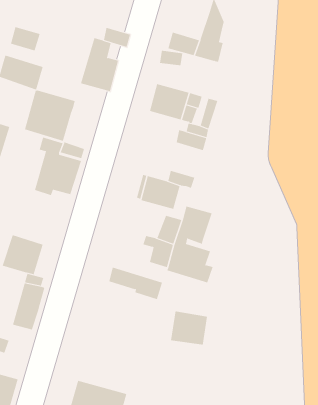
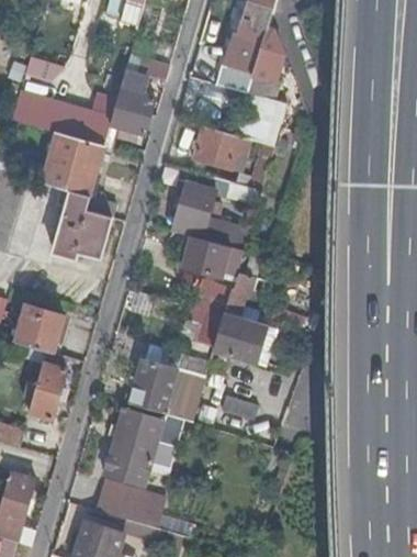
building: none -> [225,31,262,71]
building: none -> [57,104,111,145]
building: none -> [172,179,219,233]
building: none -> [127,359,201,420]
building: none -> [102,405,162,482]

